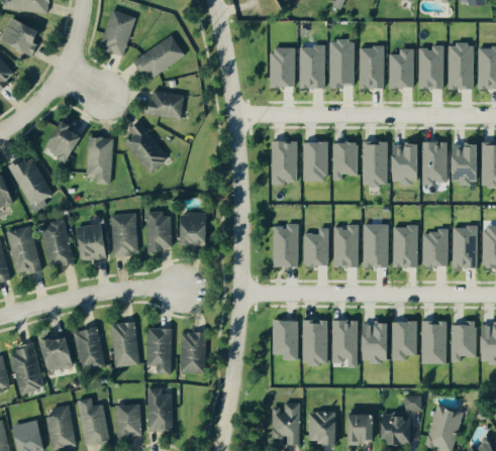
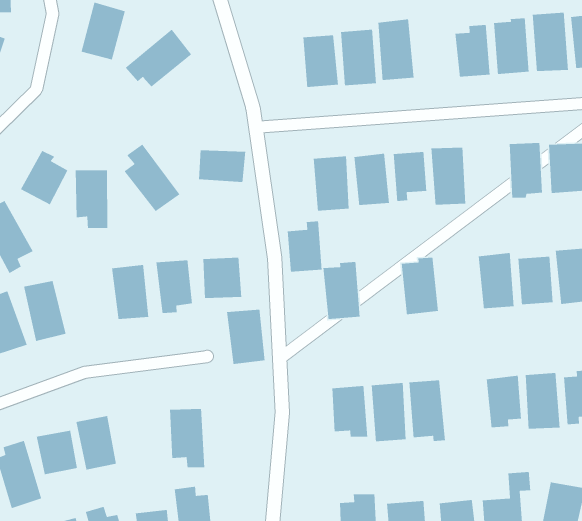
building: [359,46,384,88] -> none
building: [146,90,185,118] -> [198,149,246,183]
building: [393,145,421,183] -> none
building: [363,223,390,267] -> none
building: [77,224,106,259] -> none
building: [304,227,329,265] -> [287,220,323,273]
building: [110,320,138,365] -> none
building: [364,322,391,361] -> none
building: [179,331,206,372] -> [226,309,265,365]

